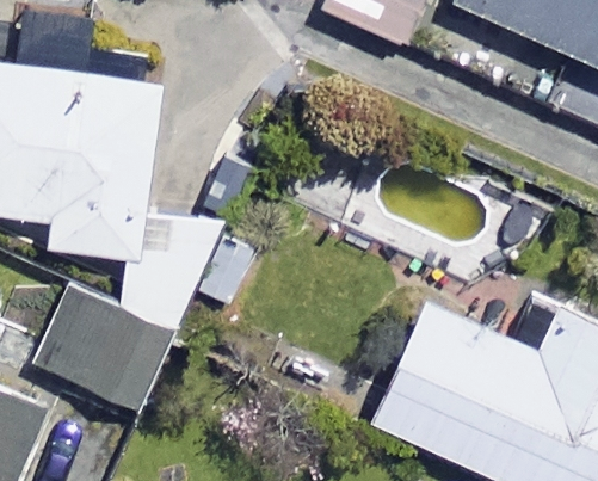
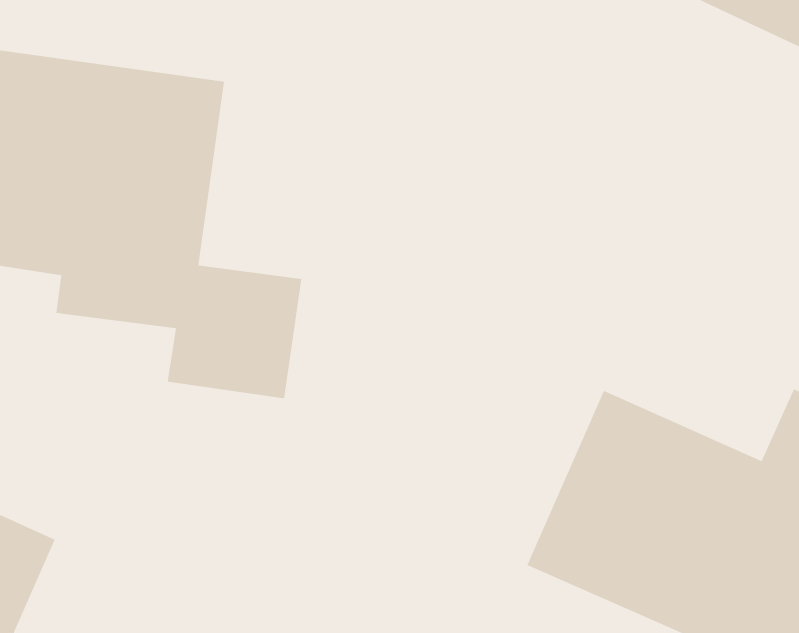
building: [38,289,177,409] -> none

